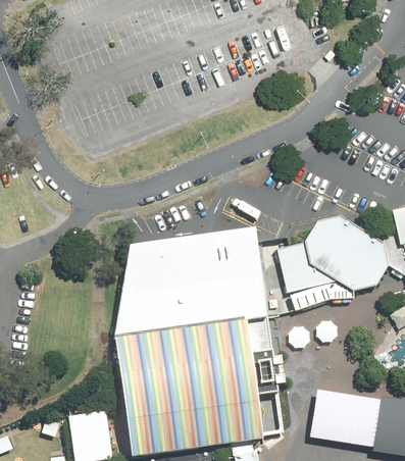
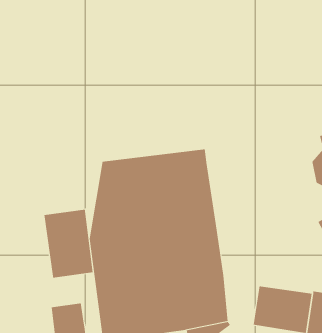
building: [277,215,388,310] -> none
building: none -> [44,209,93,278]

